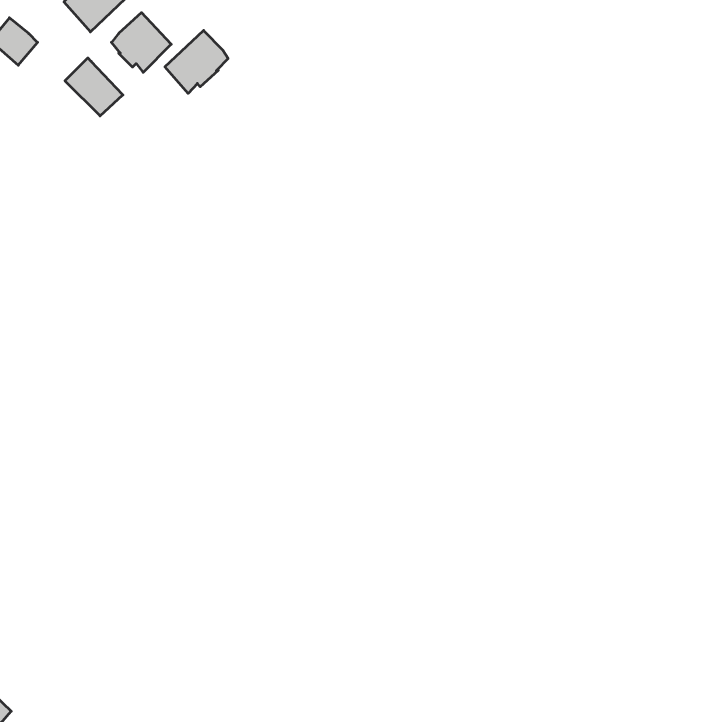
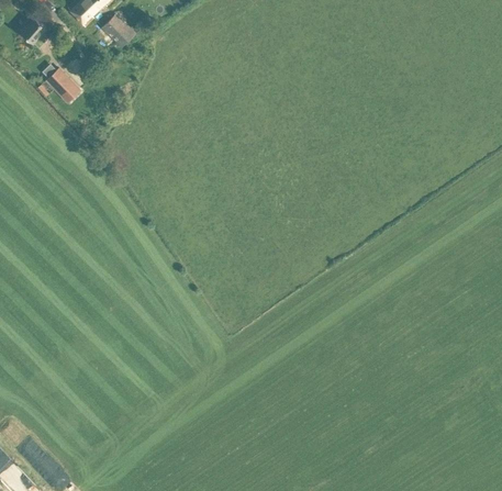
building: [165,30,228,93] -> none
building: [65,58,123,116] -> [46,63,82,99]

